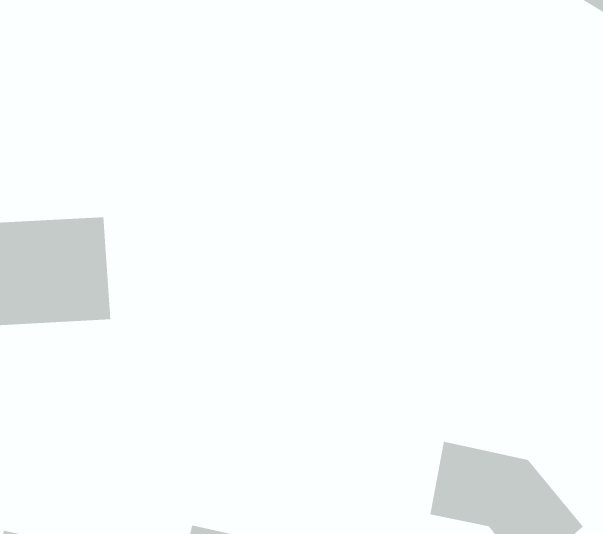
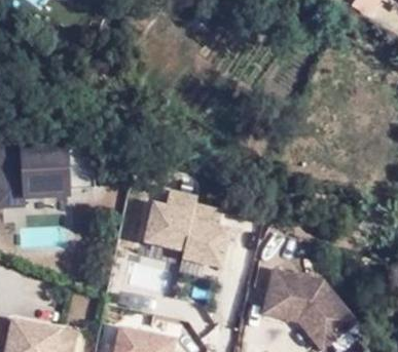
building: none -> [142,192,232,266]

